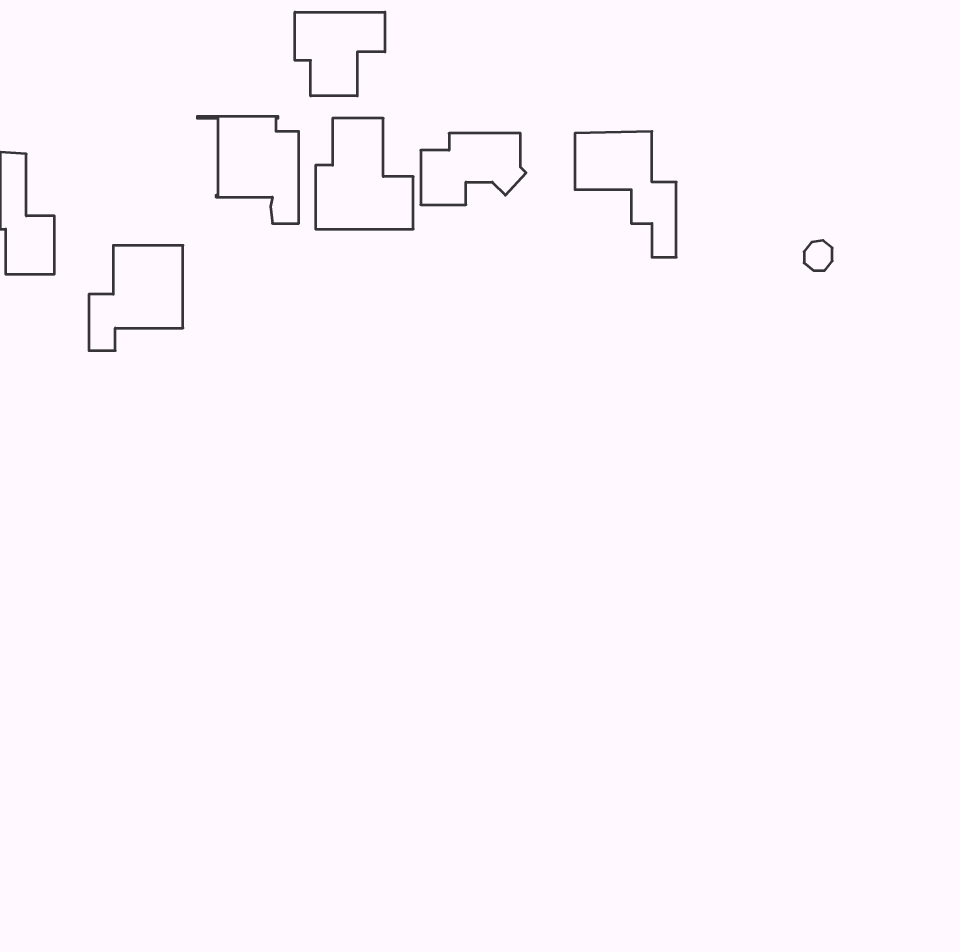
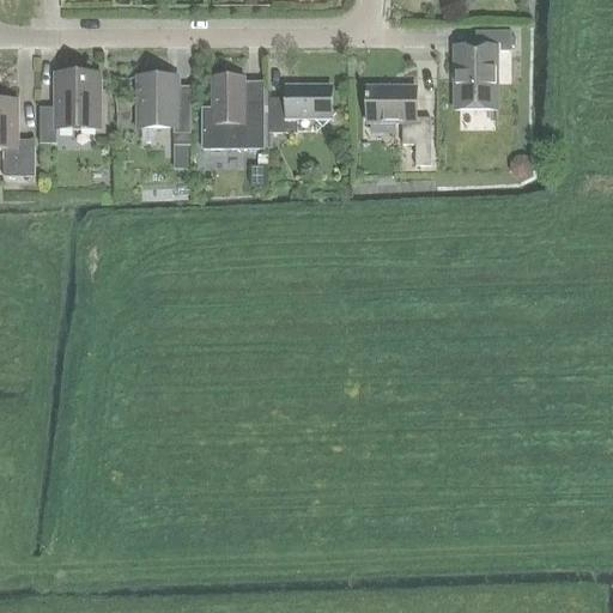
building: [295,12,385,96] -> none
building: none -> [455,29,511,104]
building: [89,245,183,351] -> [40,74,99,141]

